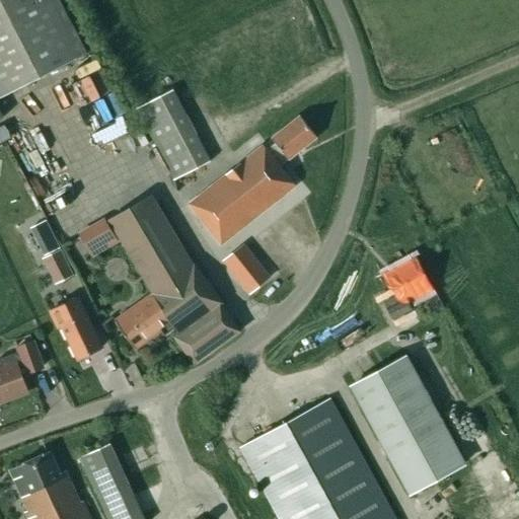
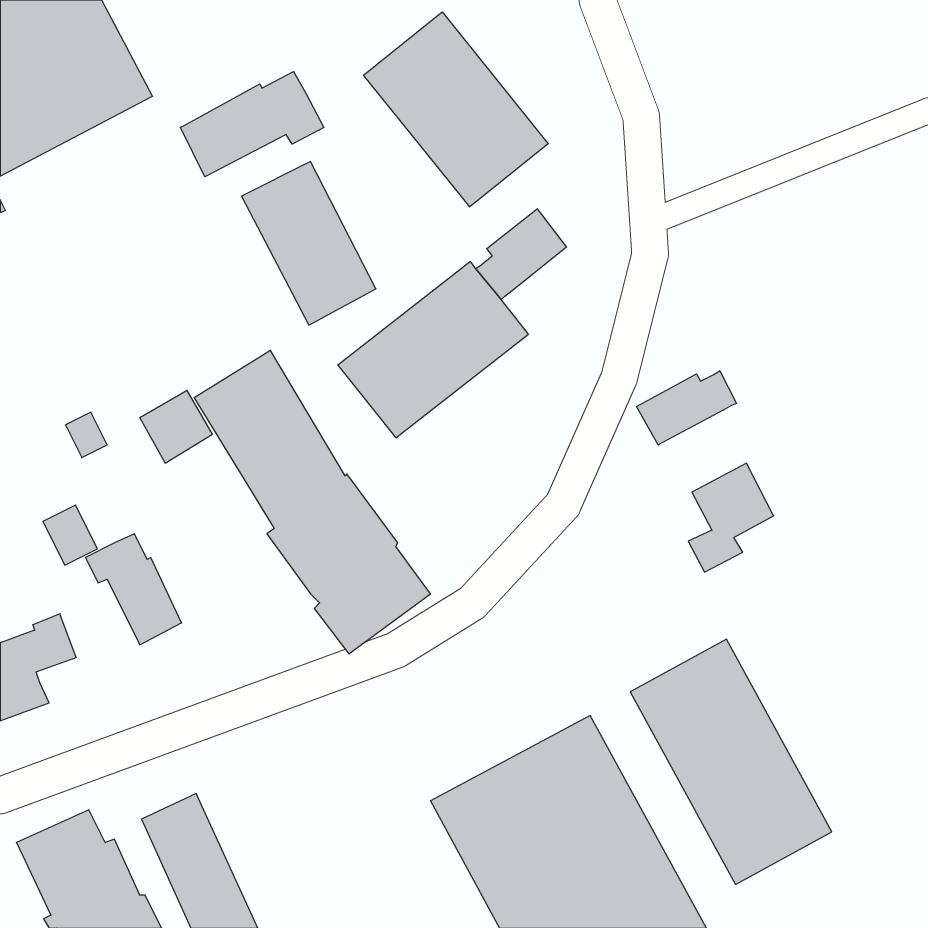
building: none -> [364,12,548,207]
building: none -> [180,72,324,177]
building: none -> [636,371,737,445]
building: [224,246,269,293] -> none
building: [43,250,73,284] -> [43,505,97,565]
building: [117,298,173,351] -> none

